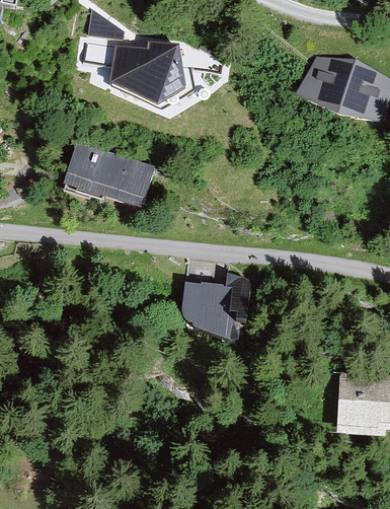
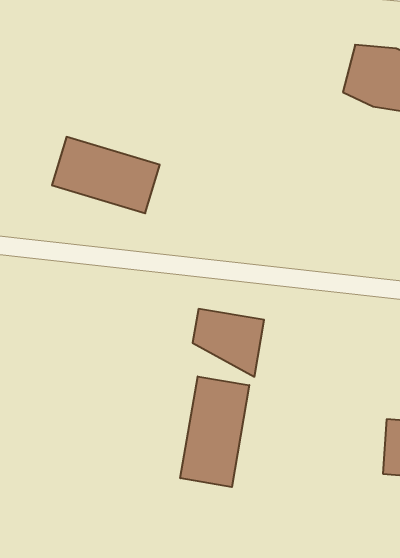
building: [112,51,185,108] -> none
building: none -> [180,376,249,487]

